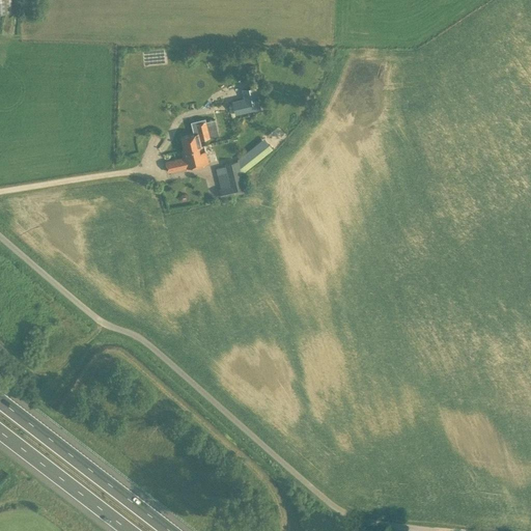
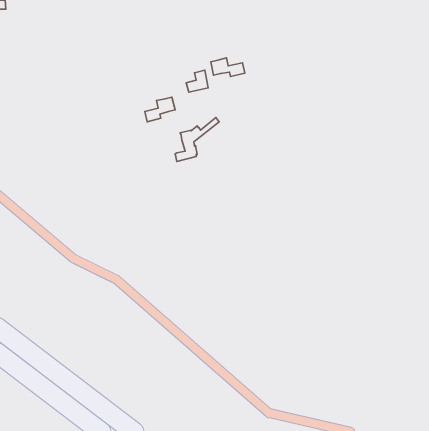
building: none -> [211,58,245,76]
building: [162,145,204,173] -> none

